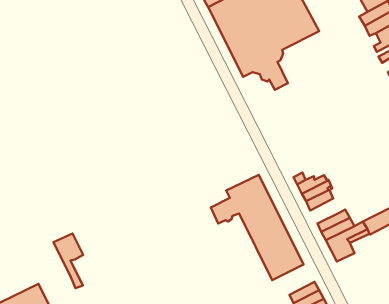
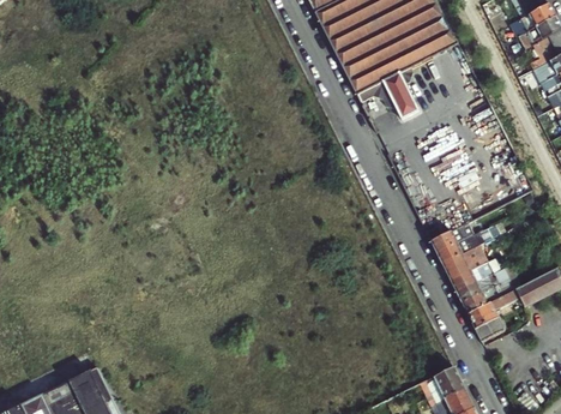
building: [211,175,304,280] -> none
building: none -> [447,259,485,292]
building: [53,234,83,288] -> none

